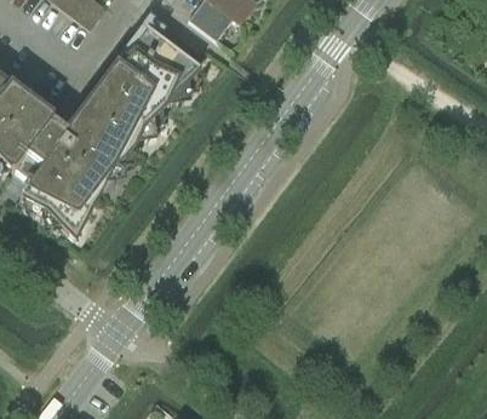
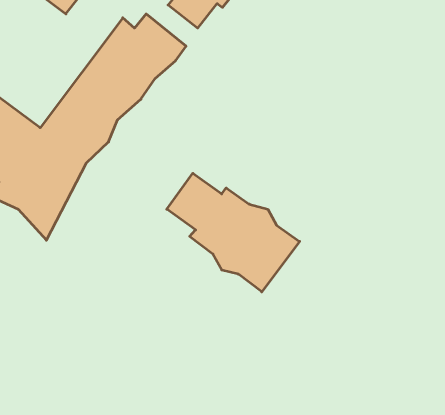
building: none -> [167,173,300,292]

